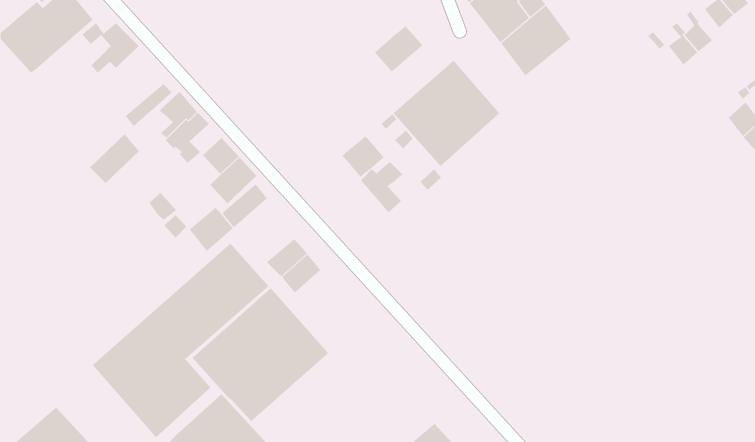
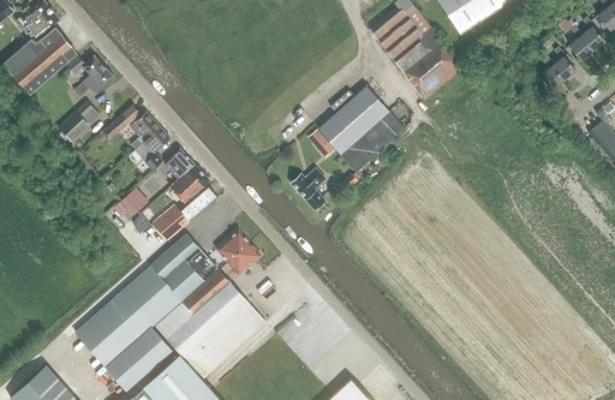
building: [374,25,423,72] -> none
building: [89,133,140,184] -> [58,100,98,141]
building: [341,135,385,177] -> none

